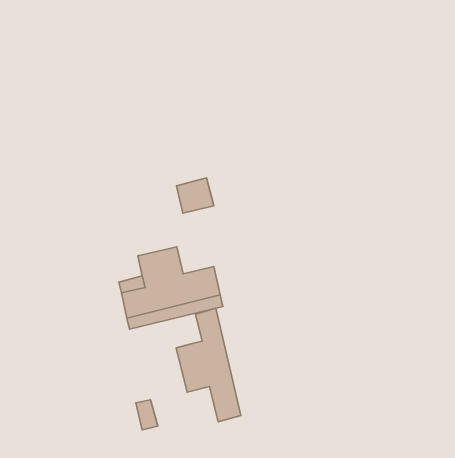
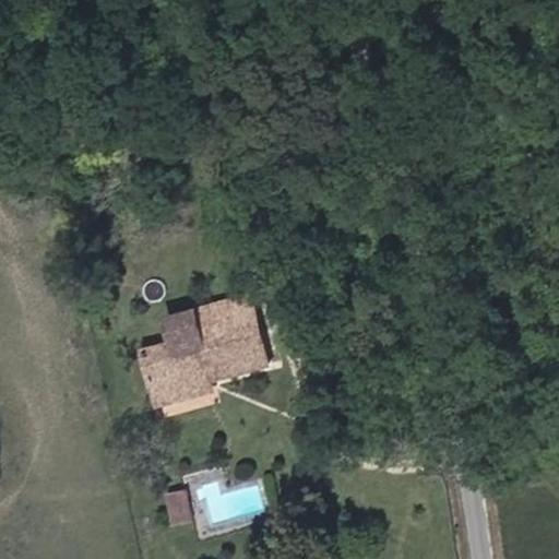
building: [177,178,214,213] -> [213,294,258,336]
building: [176,308,241,422] -> none

